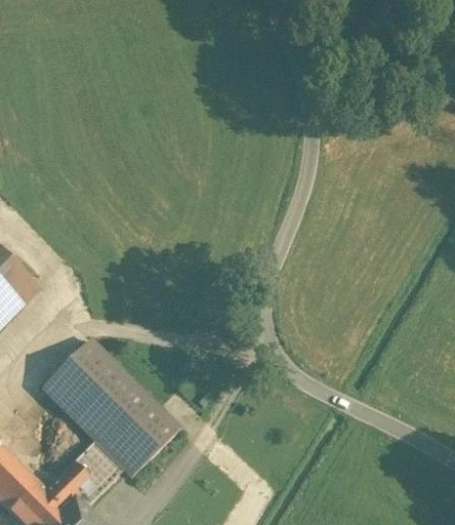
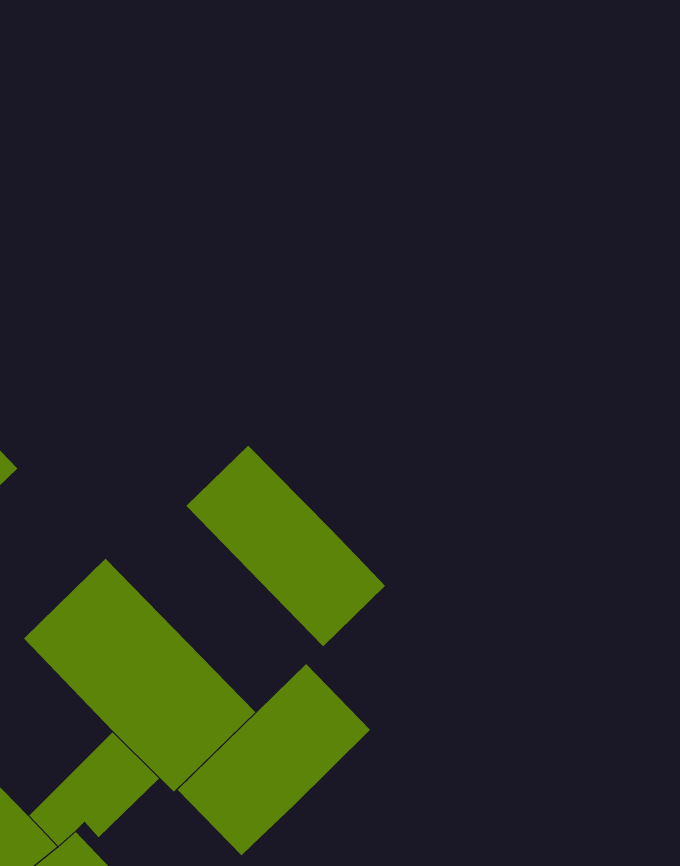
building: none -> [185,445,386,647]
building: none -> [177,663,371,856]

